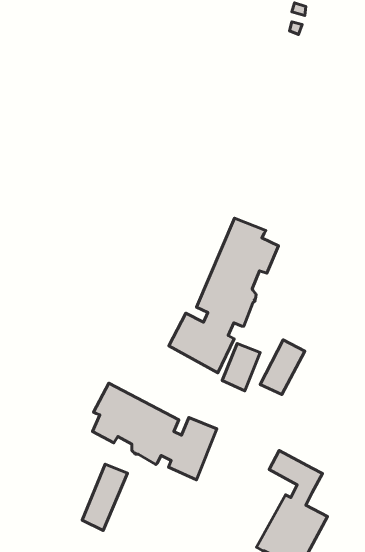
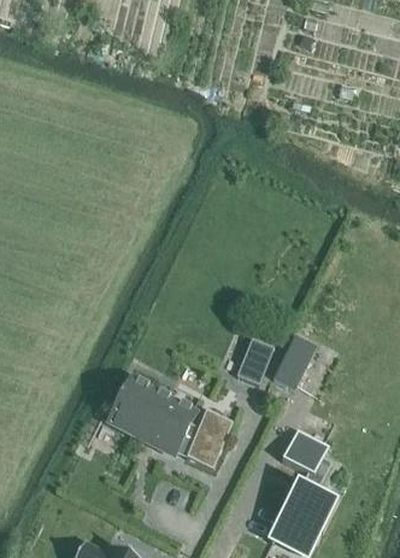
building: [169,218,279,373] -> none
building: [82,464,127,530] -> none

